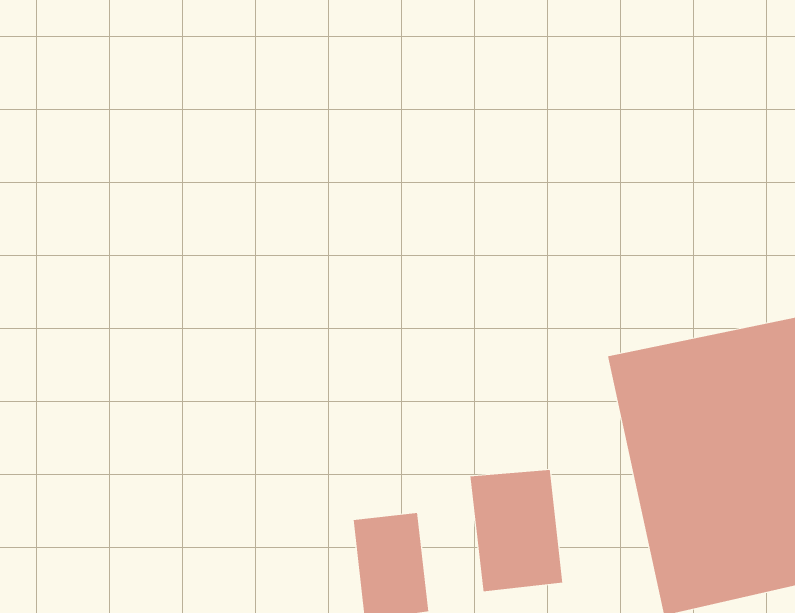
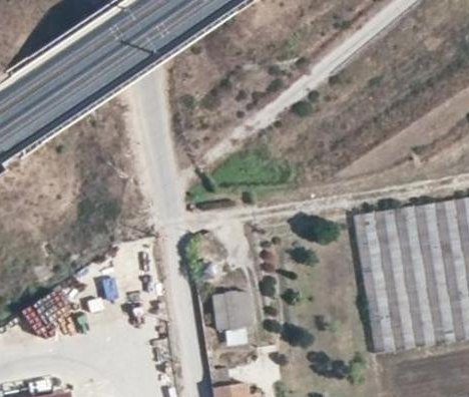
building: [470,469,563,592] -> none

